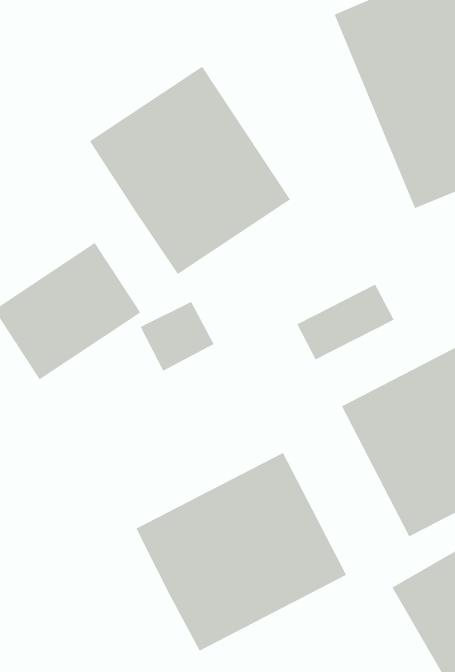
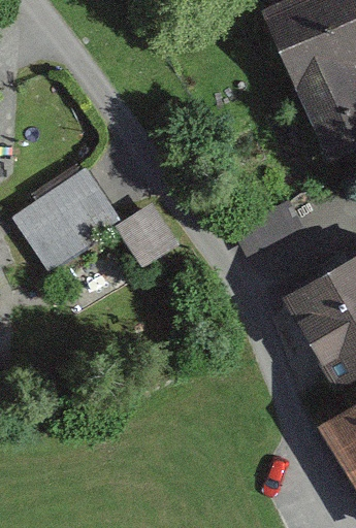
building: [89,66,291,275] -> none
building: [136,452,347,651] -> none

